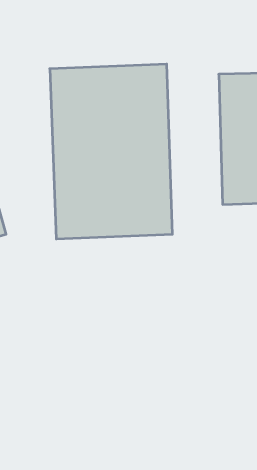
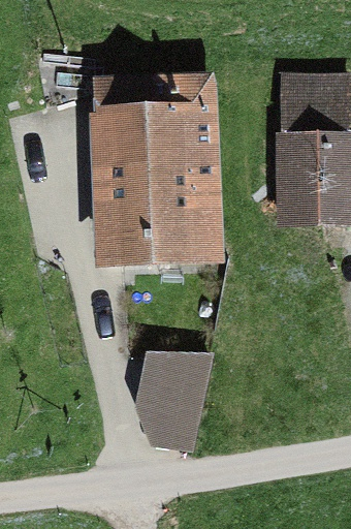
building: none -> [134,350,208,458]

